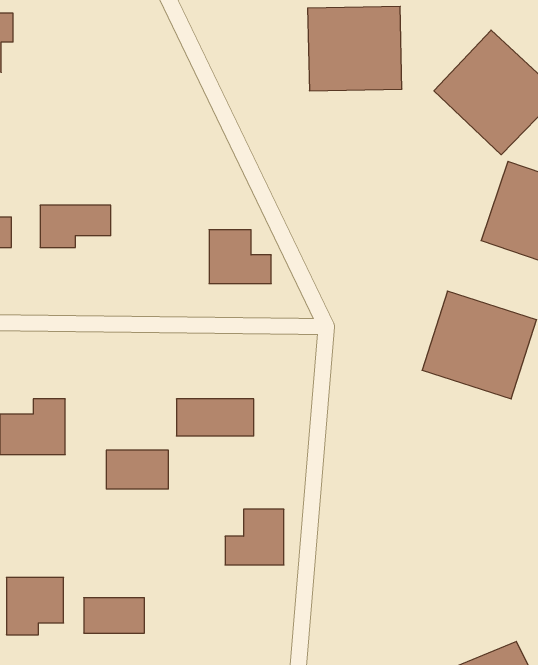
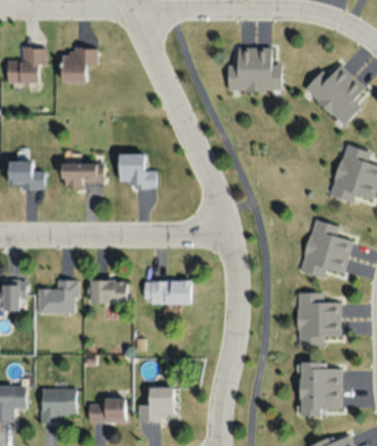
building: none -> [61,49,97,83]
building: [209,230,271,284] -> [119,154,156,187]
building: none -> [292,294,349,344]
building: [106,450,168,489] -> [89,280,127,304]
building: [225,509,284,565] -> [138,388,174,422]
building: none -> [293,363,350,415]

